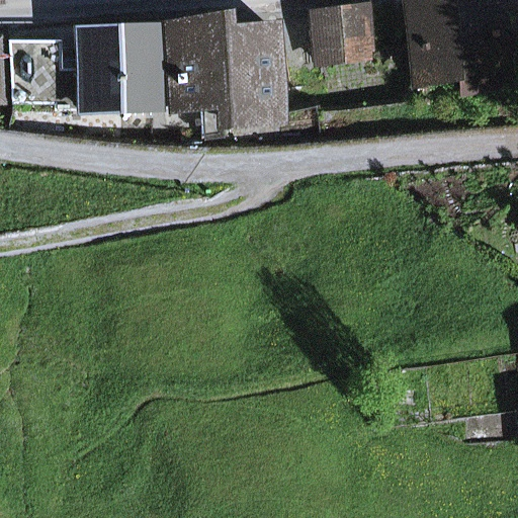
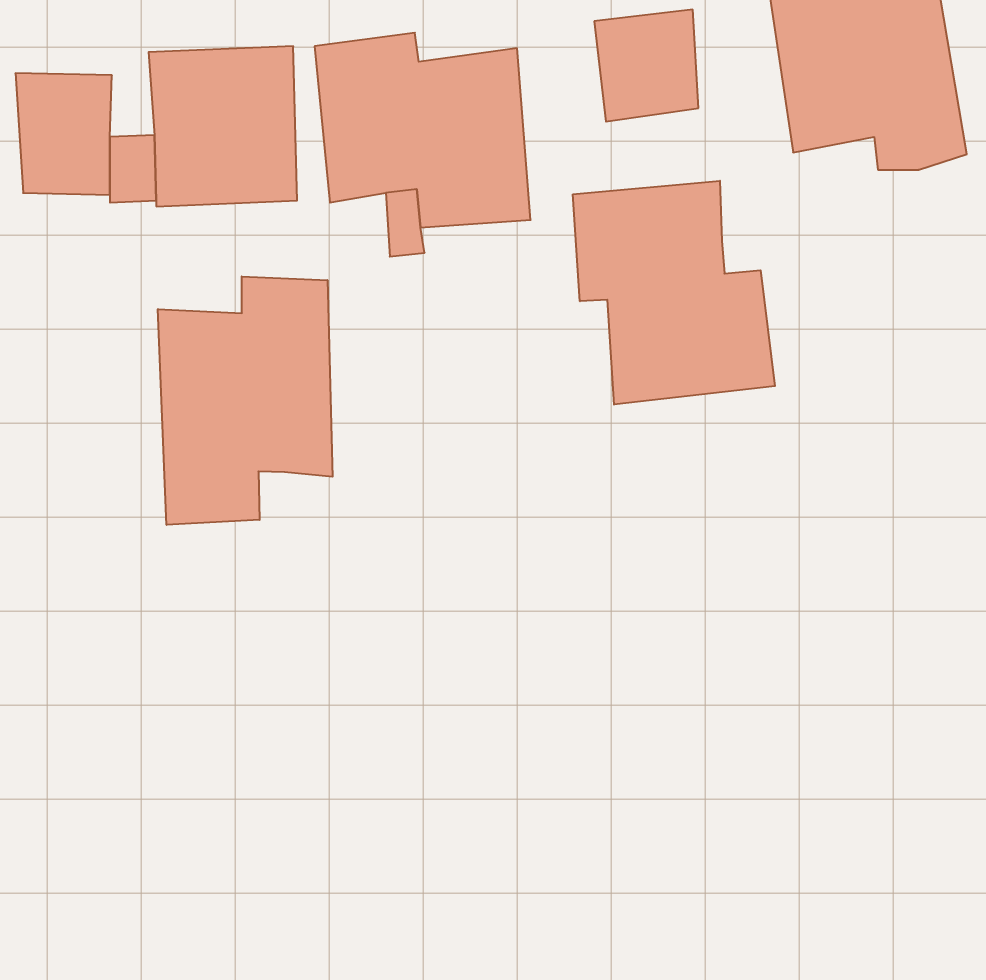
building: none -> [573,181,775,405]
building: none -> [158,276,333,525]

